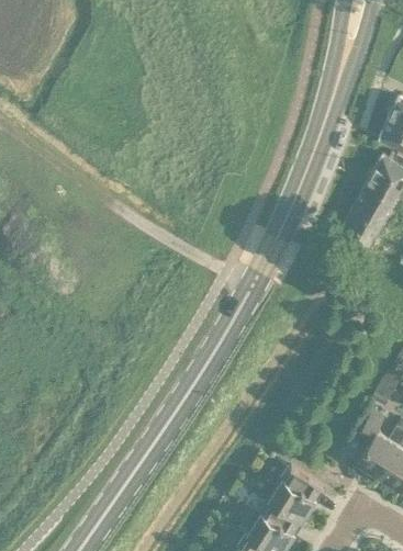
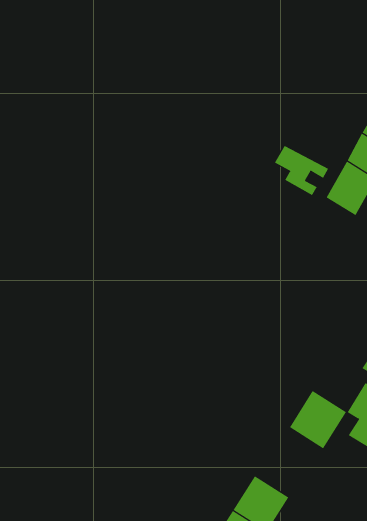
building: none -> [274,145,329,196]
building: [270,464,325,520] -> [289,390,347,449]

